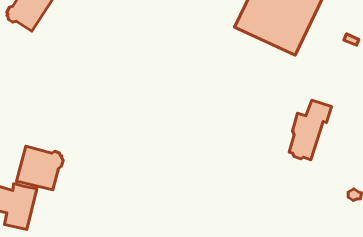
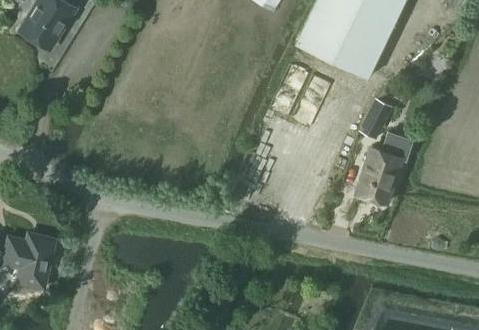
building: none -> [359,99,391,139]
building: [17,146,63,190] -> none

